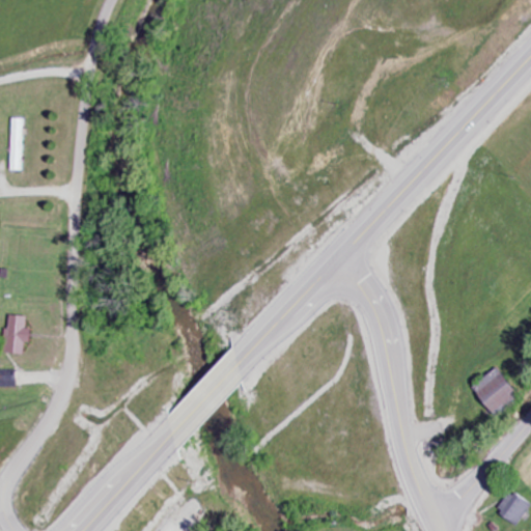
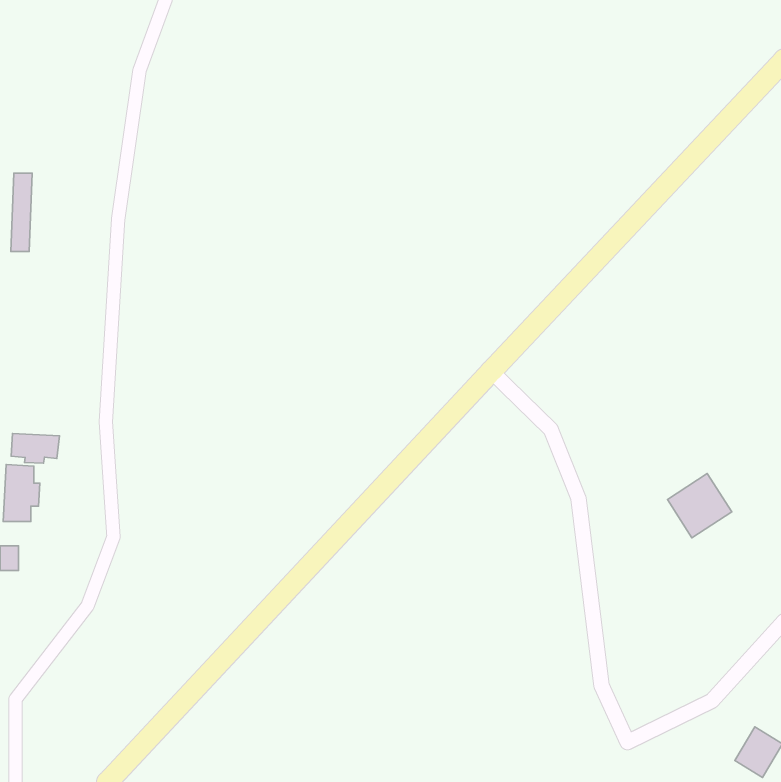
building: none -> [11,433,59,463]
building: [470,368,513,412] -> [667,474,732,538]

